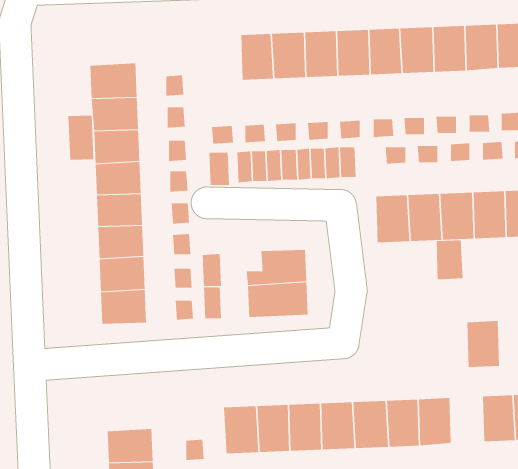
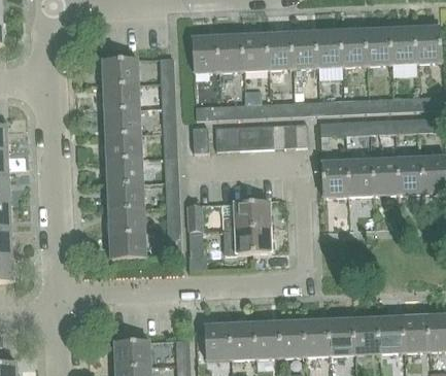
building: none -> [192,36,218,72]
building: [68,115,94,161] -> none
building: [436,240,463,280] -> none
building: [466,321,500,367] -> [379,315,405,351]

